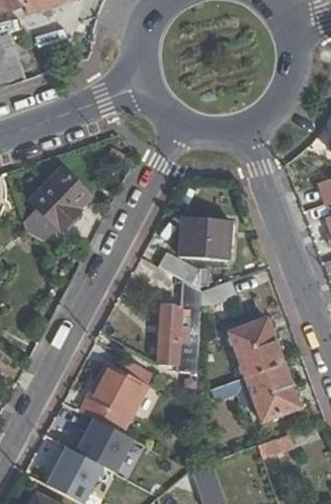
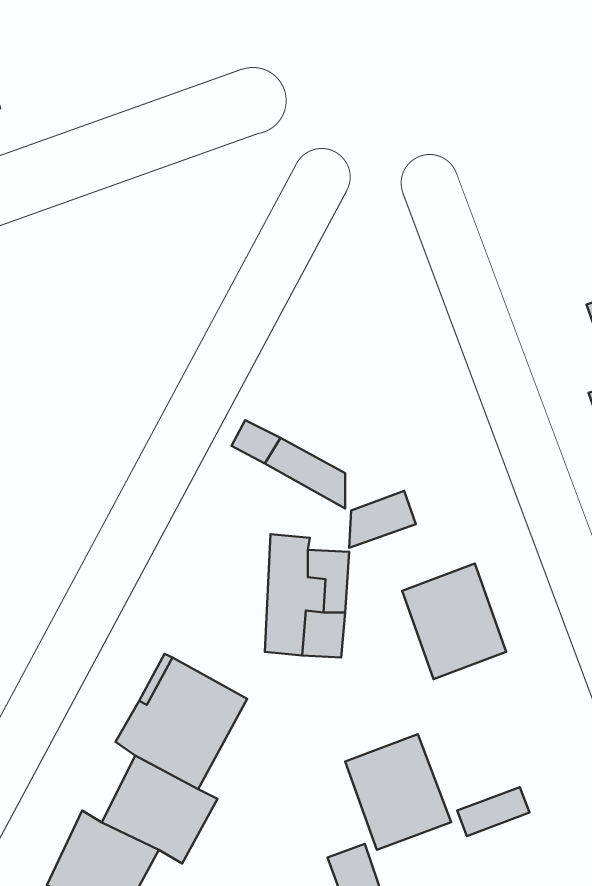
building: [29,170,88,230] -> none
building: [181,219,230,260] -> none
building: [245,363,300,423] -> [345,734,451,850]

